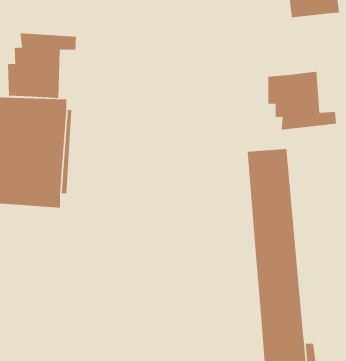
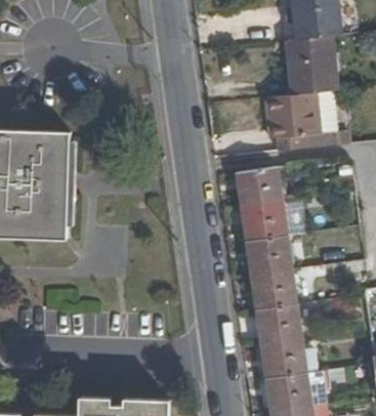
building: none -> [284,39,337,99]
building: [7,33,76,99] -> none

